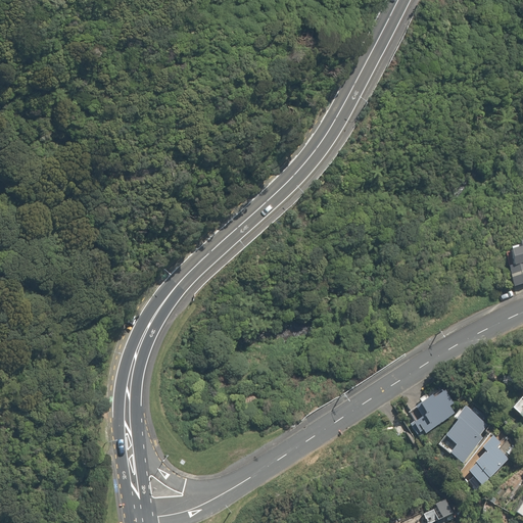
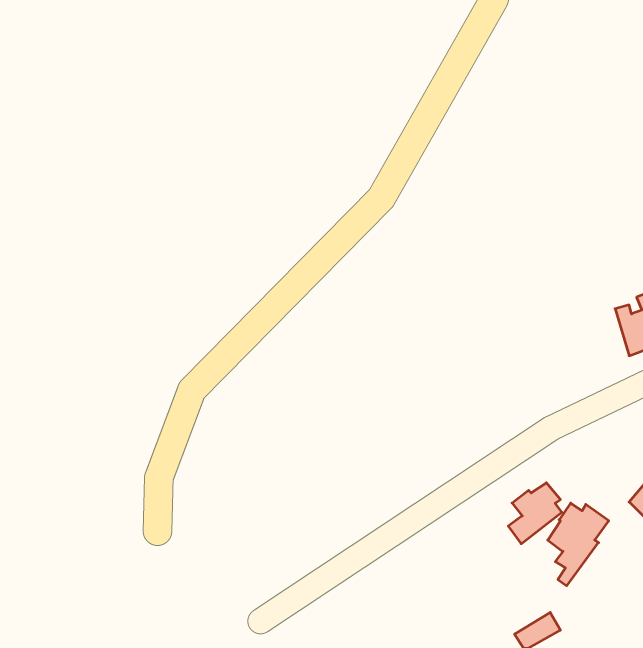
building: [470,433,511,484] -> none

